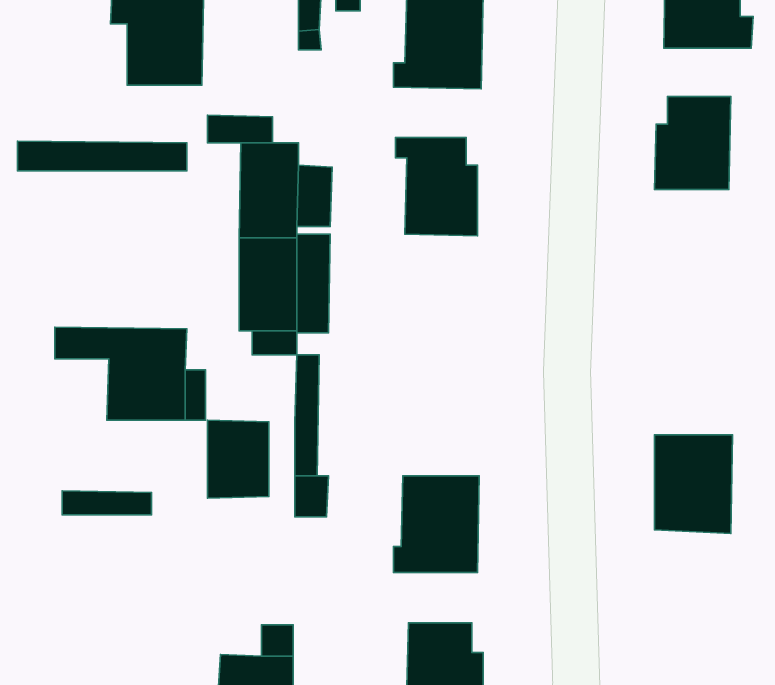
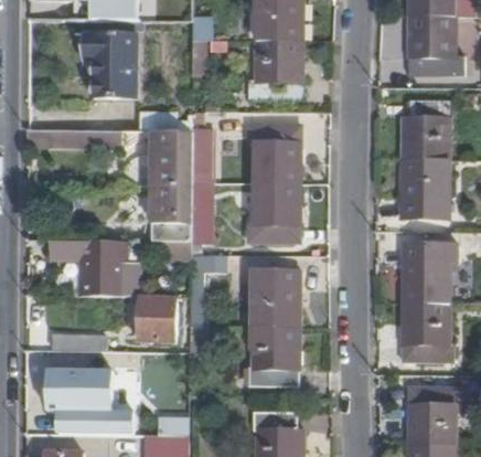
building: none -> [400,158,447,216]
building: none -> [248,184,298,242]
building: none -> [403,244,457,304]
building: none -> [254,270,299,328]
building: none -> [47,369,133,435]
building: none -> [409,389,456,447]

